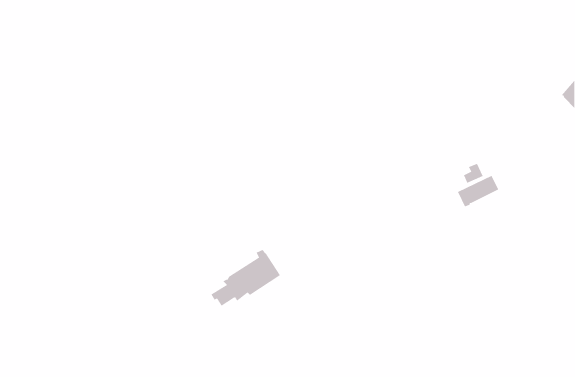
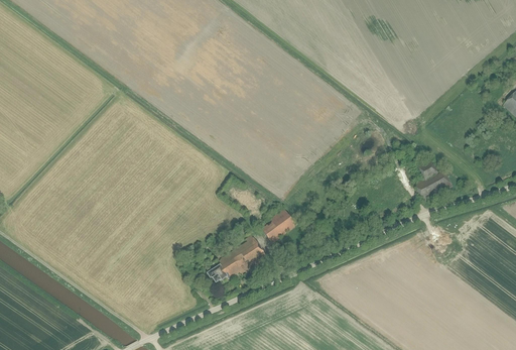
building: none -> [259,208,294,242]

